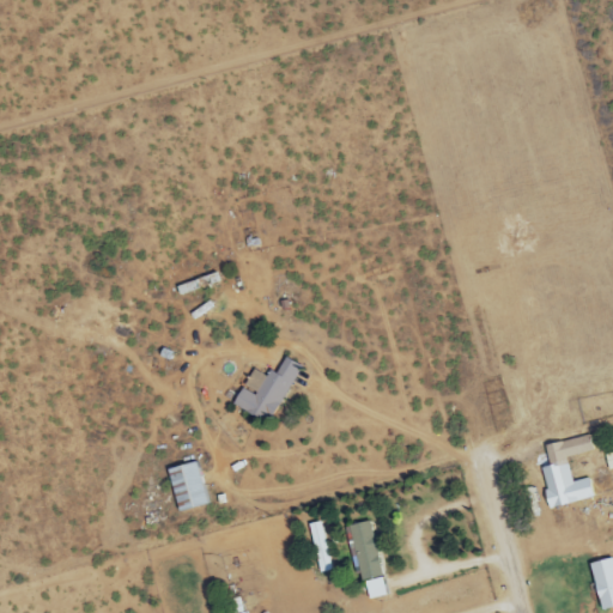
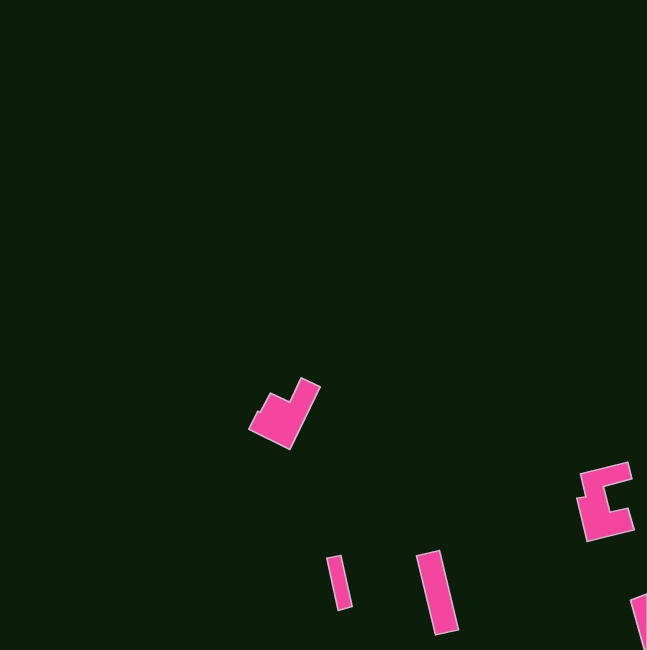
building: [168,461,210,511] -> none
building: [347,520,387,599] -> [416,551,459,635]

